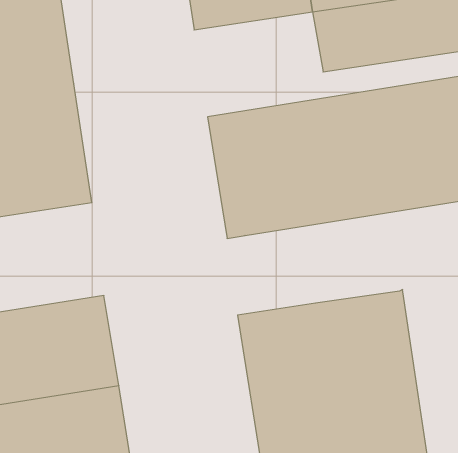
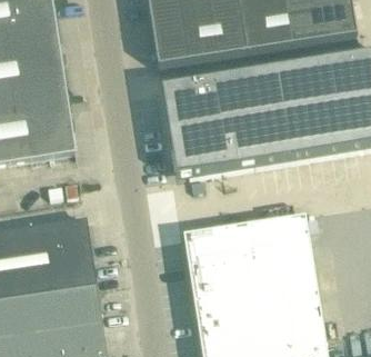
building: none -> [151,10,247,68]

